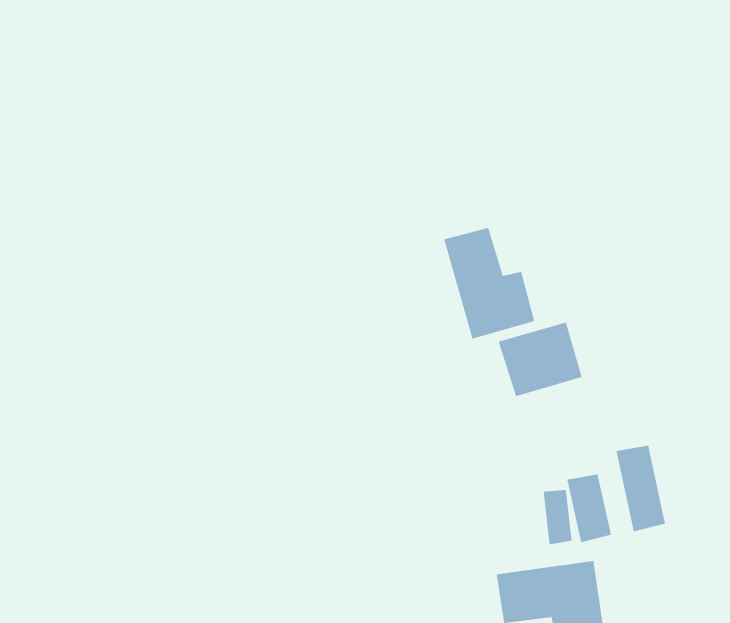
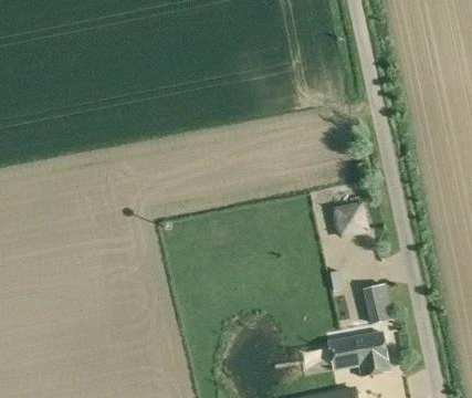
building: [443,227,535,339] -> none
building: [616,445,666,532] -> none

